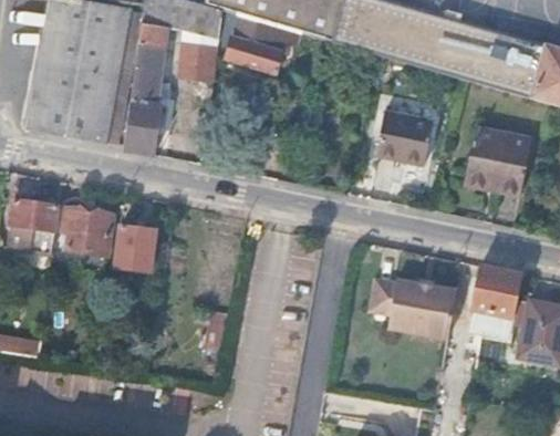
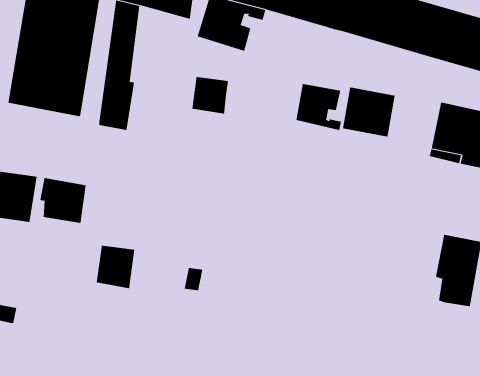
building: [179,44,218,83] -> [192,77,229,114]
building: none -> [296,83,341,131]
building: [115,224,156,269] -> [96,245,135,289]
building: [369,277,457,336] -> none

